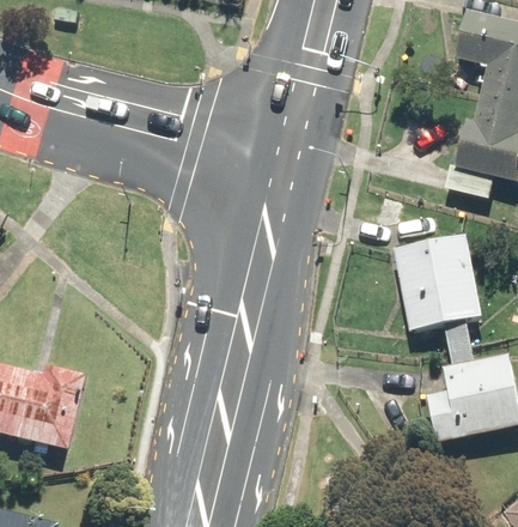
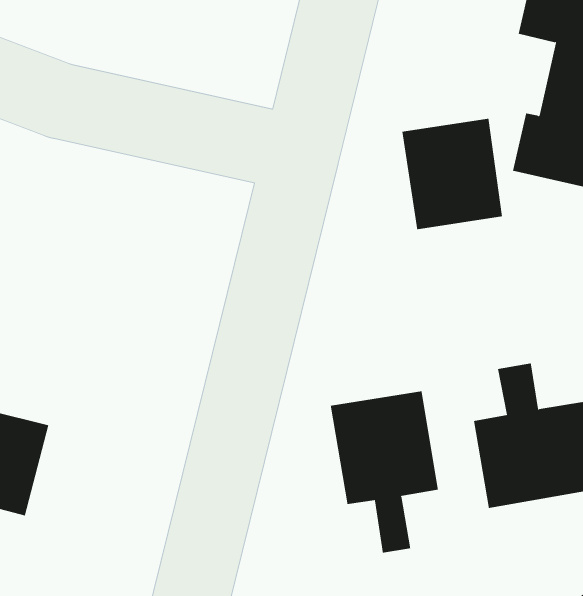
building: [397,236,479,326] -> [401,118,503,230]
building: none -> [330,390,439,553]

